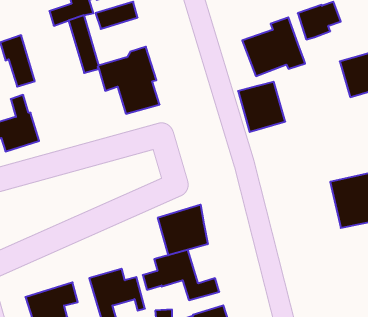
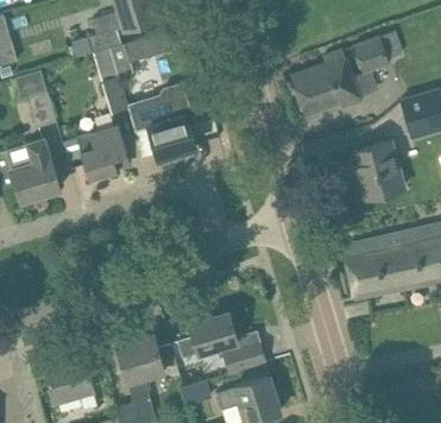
building: [238,82,285,132] -> [352,141,405,198]
building: none -> [76,125,126,179]
building: none -> [341,235,402,298]
building: [158,205,208,255] -> none

